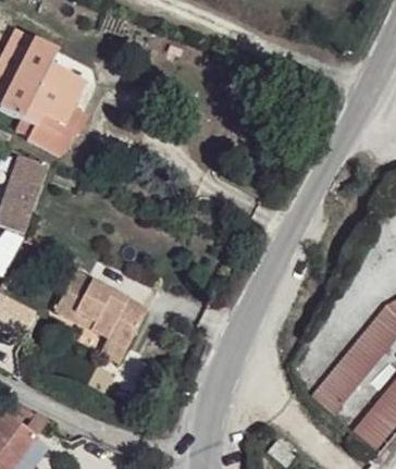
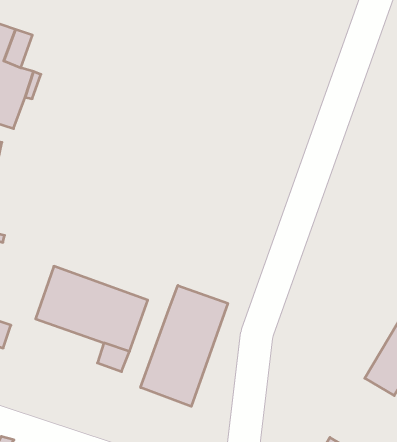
building: none -> [141,285,228,406]

